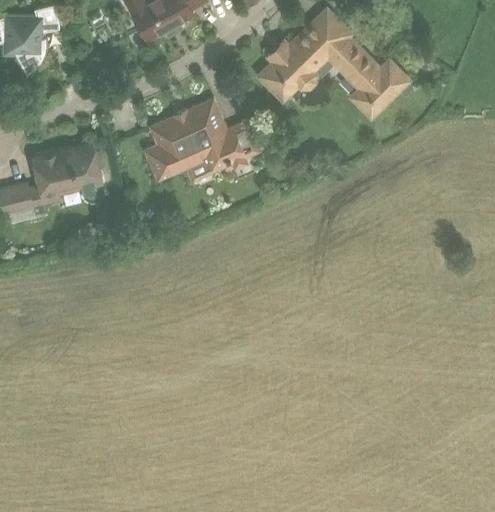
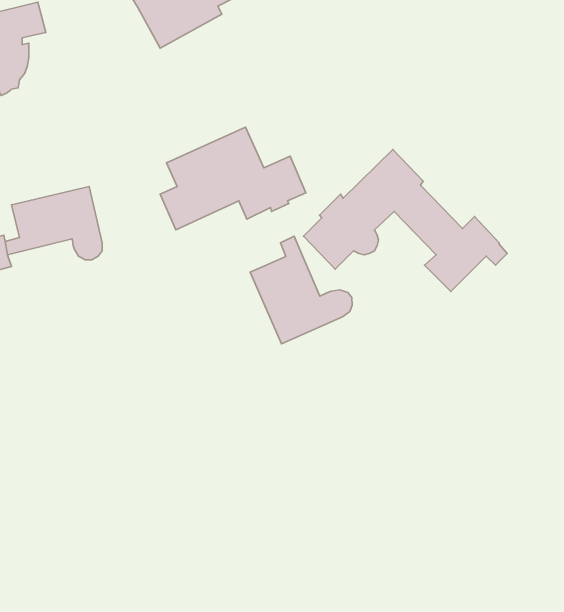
building: [258,8,413,116] -> [304,150,507,292]
building: none -> [250,236,352,344]

